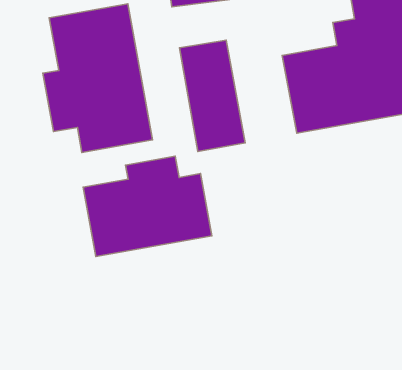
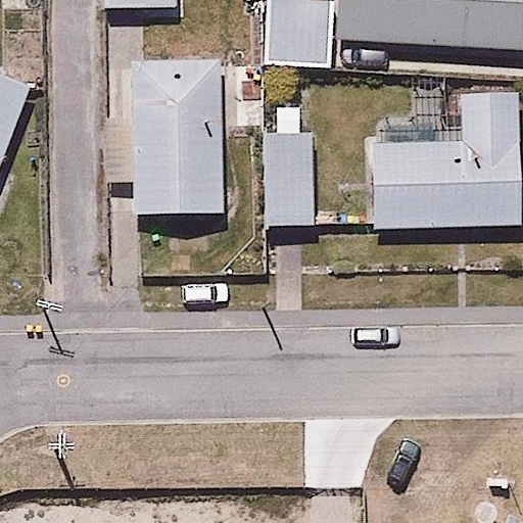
building: [83,156,212,257] -> none

